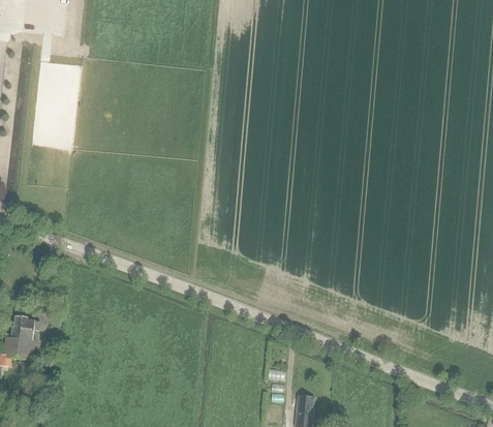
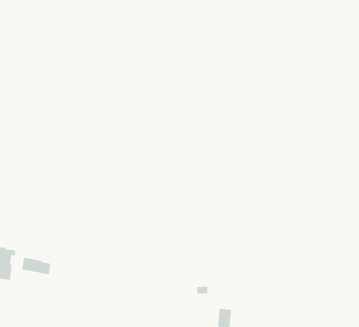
building: none -> [22,257,51,275]

